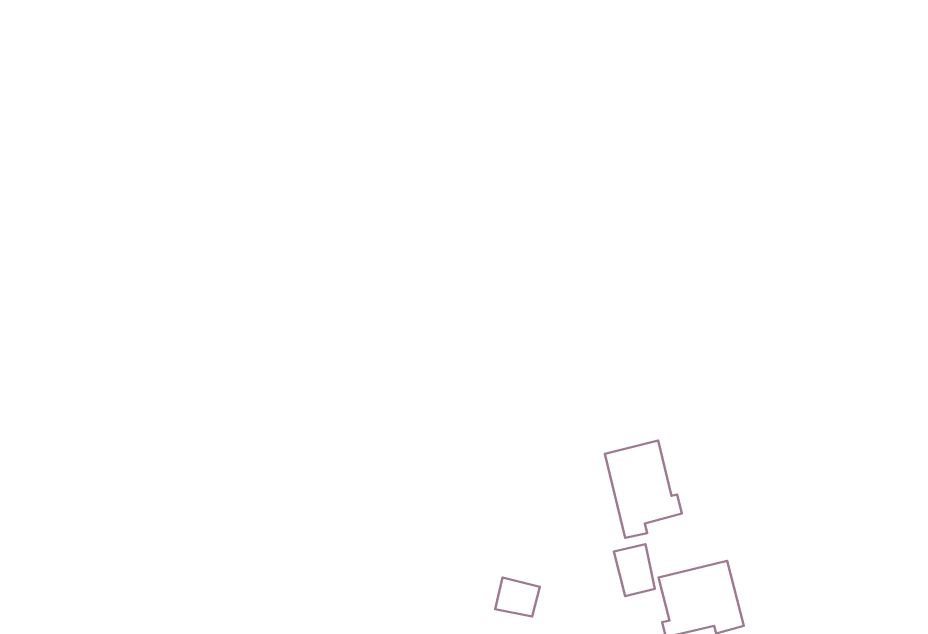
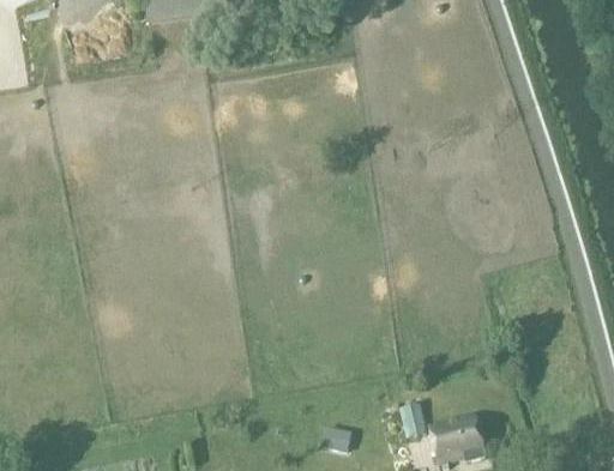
building: [605,441,682,538] -> none

